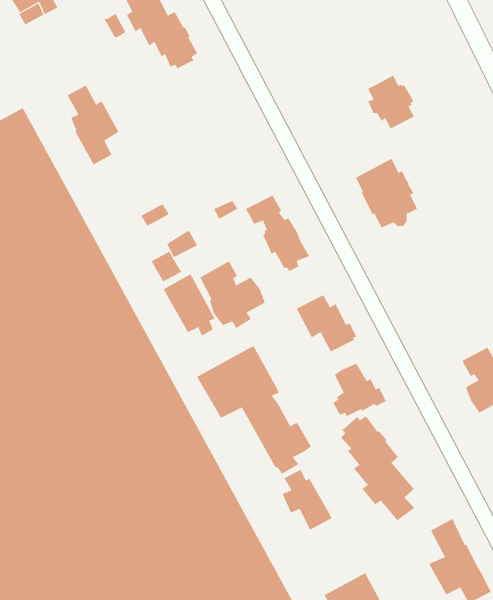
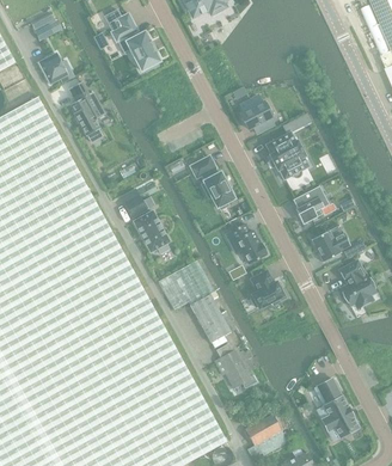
building: none -> [38,54,73,84]
building: [367,75,415,129] -> [240,96,272,133]
building: none -> [293,185,329,225]
building: [200,260,266,329] -> none
building: none -> [311,231,350,262]
building: [341,416,415,521] -> none

